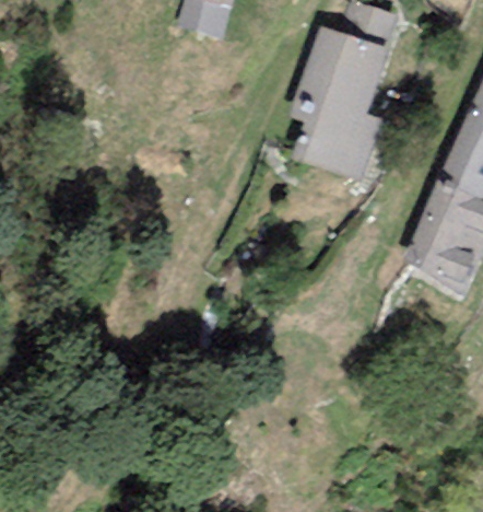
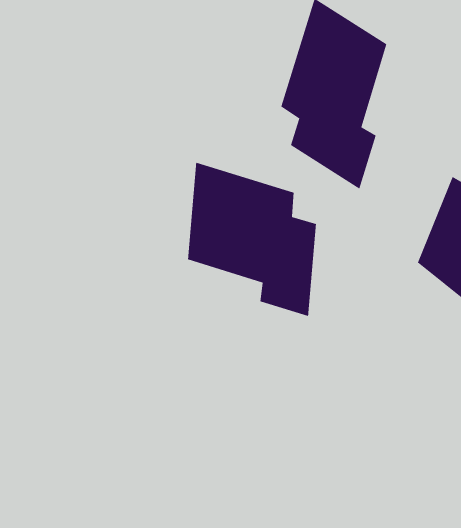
building: none -> [188,162,317,317]

